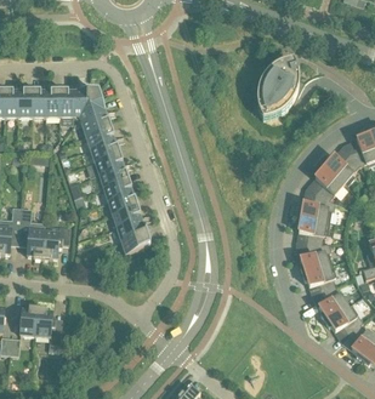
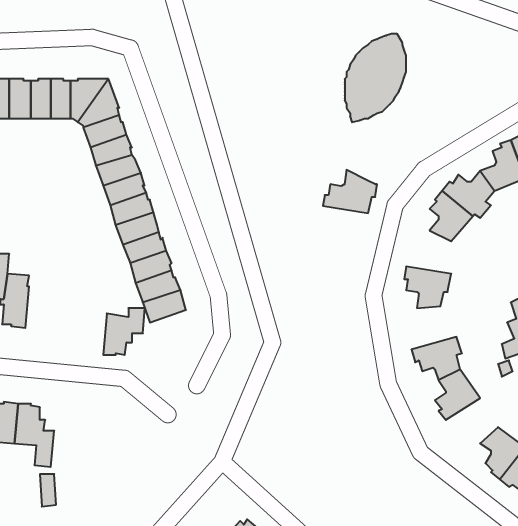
building: [297,192,334,221] -> [323,170,377,213]
building: [41,226,69,257] -> [103,308,145,355]
building: [299,243,331,272] -> none
building: [324,304,362,335] -> none

